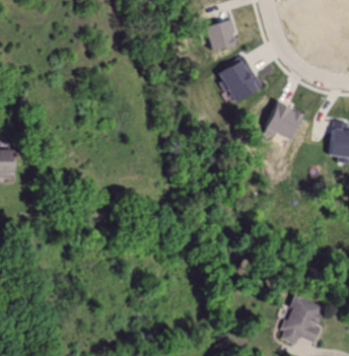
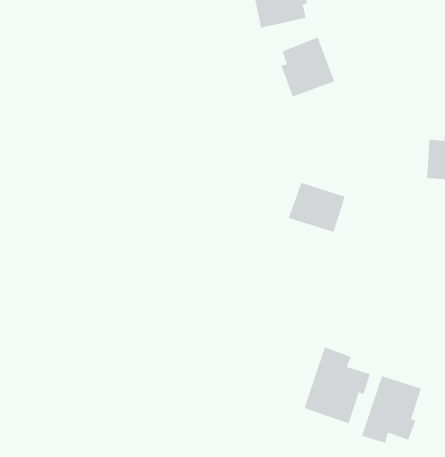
building: [263,105,303,141] -> [288,182,346,233]
building: none -> [304,347,370,424]

